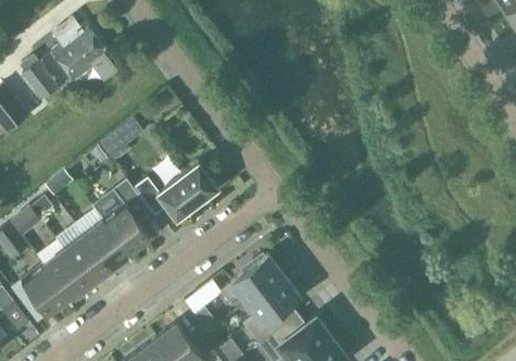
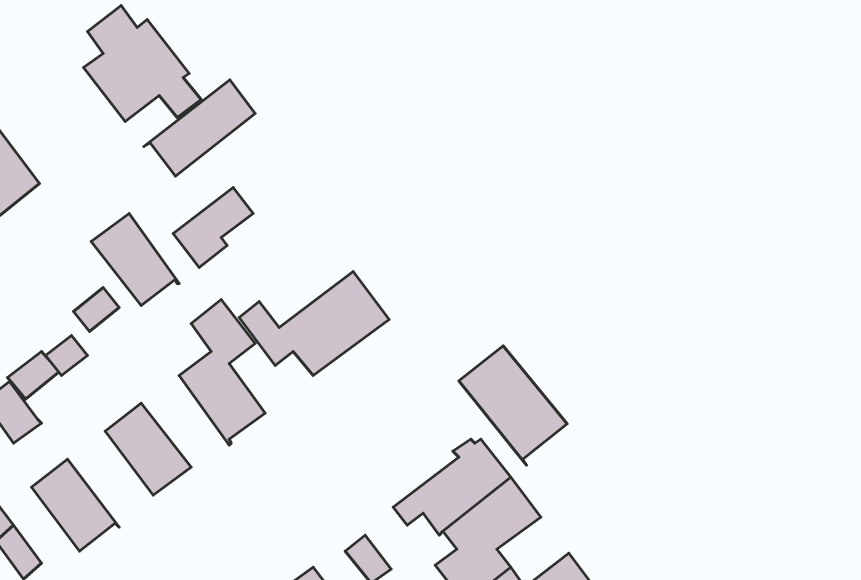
building: none -> [144,80,255,176]
building: [21,61,59,100] -> none
building: none -> [459,346,567,465]
building: [83,220,130,270] -> [91,214,179,306]
building: [42,250,89,302] -> none

